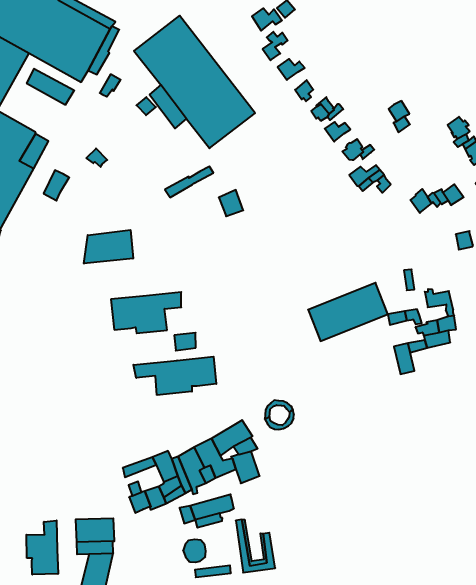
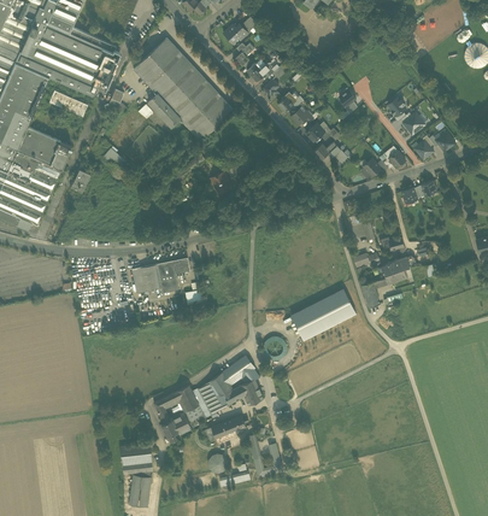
building: [84,230,133,264] -> none
building: [308,283,388,341] -> [290,288,354,339]
building: [133,357,216,395] -> none
building: [26,520,58,575] -> none

